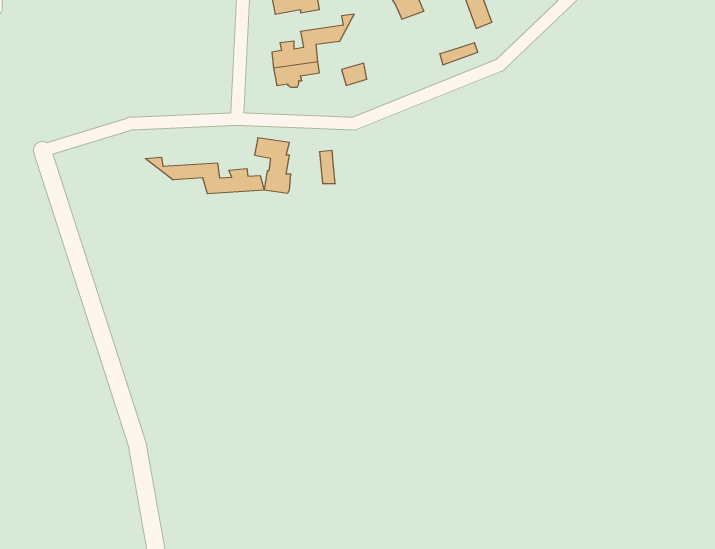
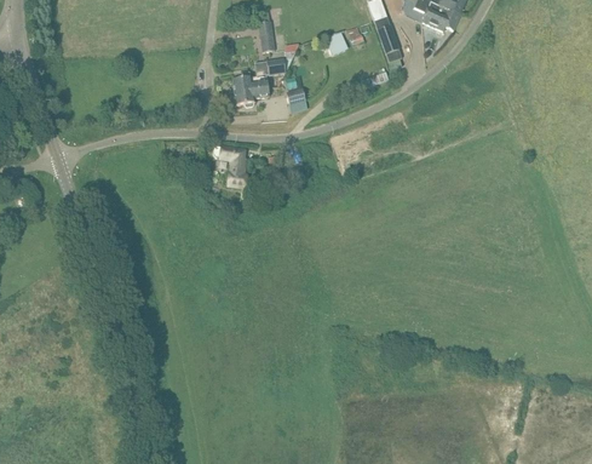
building: [145,157,264,194] -> none

